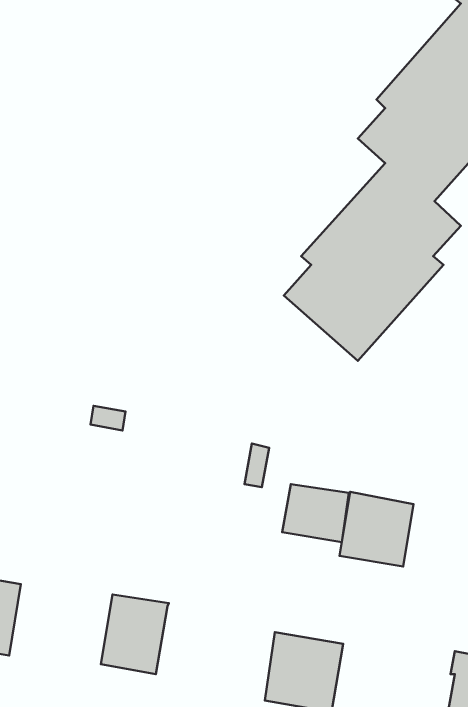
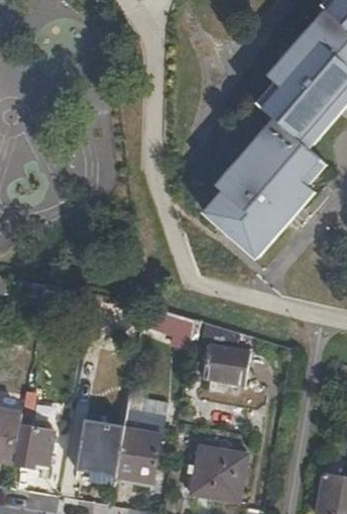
building: [339,492,414,567] -> none
building: none -> [114,410,163,483]
building: none -> [15,425,52,467]

